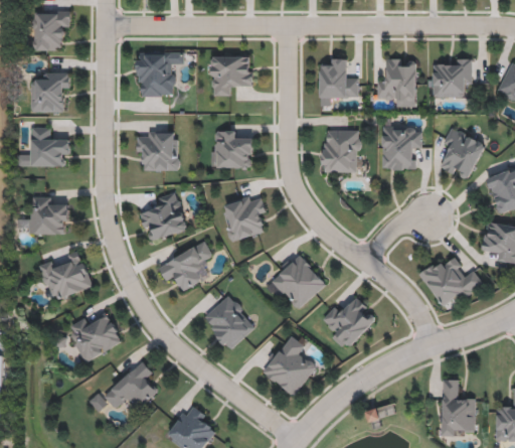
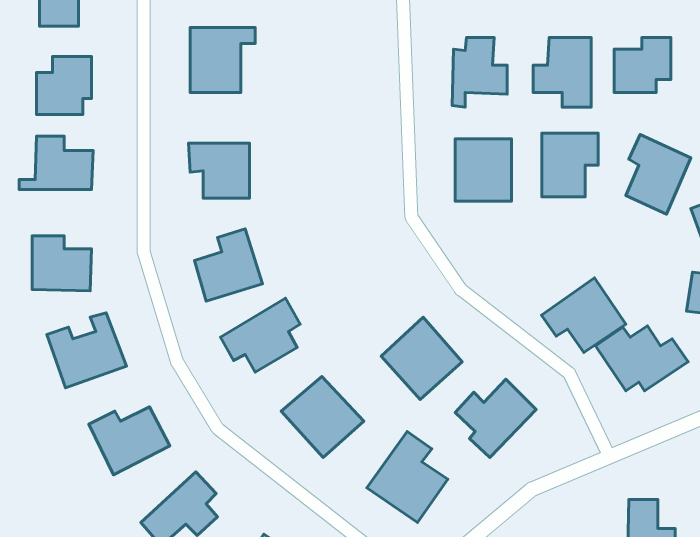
building: [211,55,253,95] -> none
building: [214,131,253,167] -> none
building: [220,194,268,242] -> none
building: none -> [541,278,626,352]

